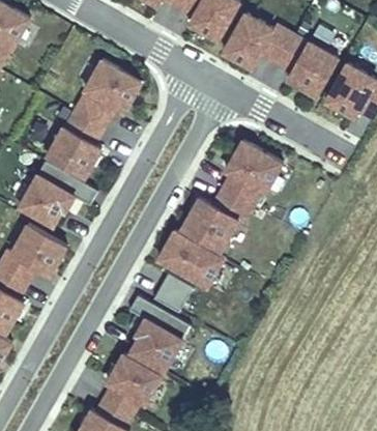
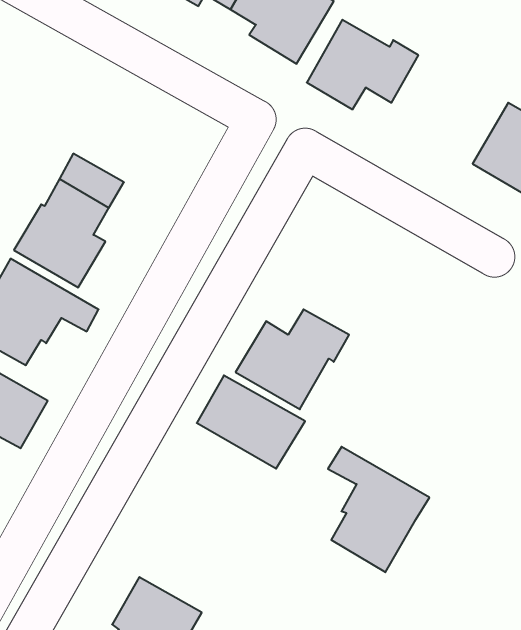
building: [276,35,339,96] -> none
building: [84,58,141,111] -> none
building: [222,141,281,206] -> none
building: [151,274,192,314] -> none
building: [127,296,190,373] -> [328,447,429,572]

